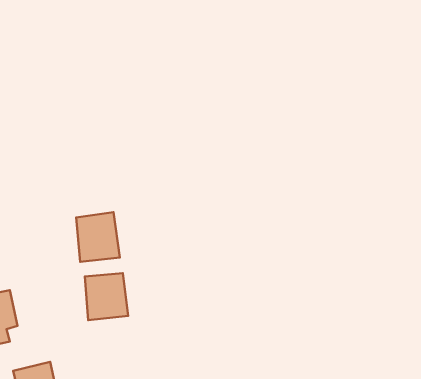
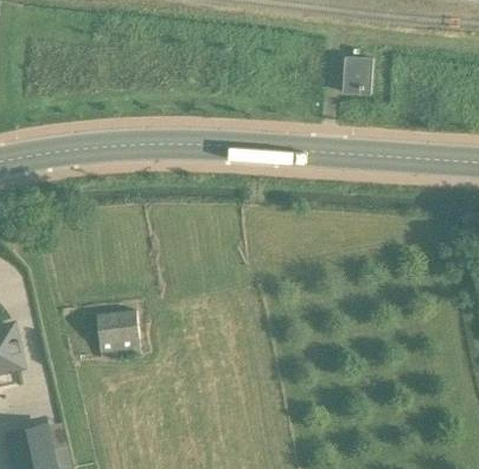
building: none -> [340,57,371,94]
building: [76,212,120,262] -> none

